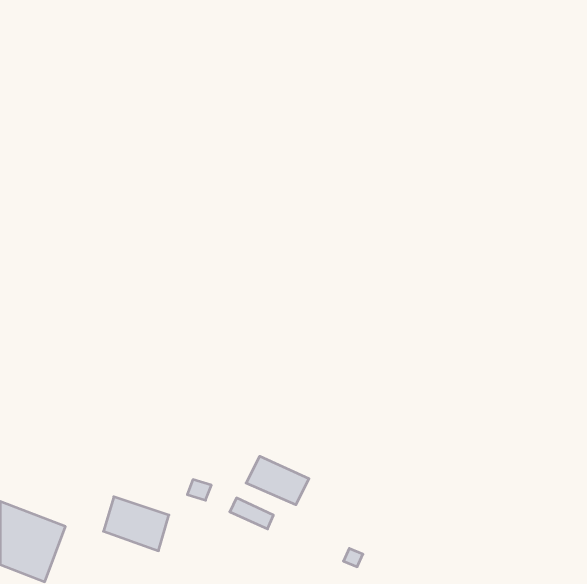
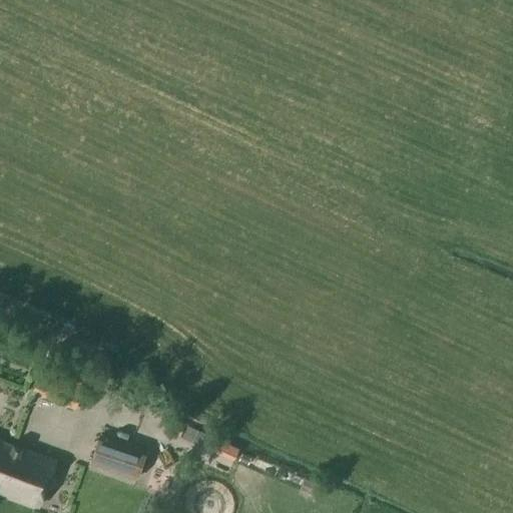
building: [246,456,309,505] -> none

